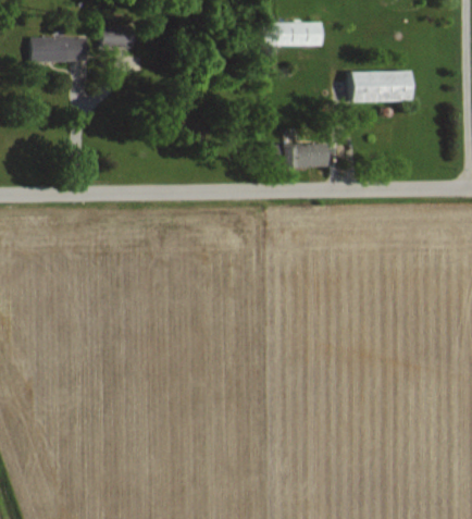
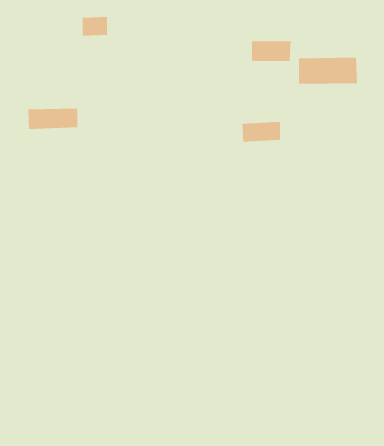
building: [278,22,324,46] -> [251,41,292,62]
building: [29,37,87,62] -> [27,108,78,130]

